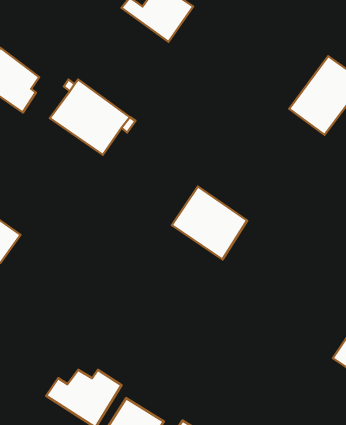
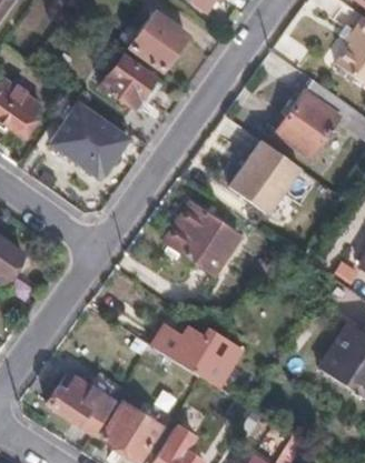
building: none -> [100,54,155,107]
building: none -> [229,139,300,212]
building: none -> [151,322,243,385]

